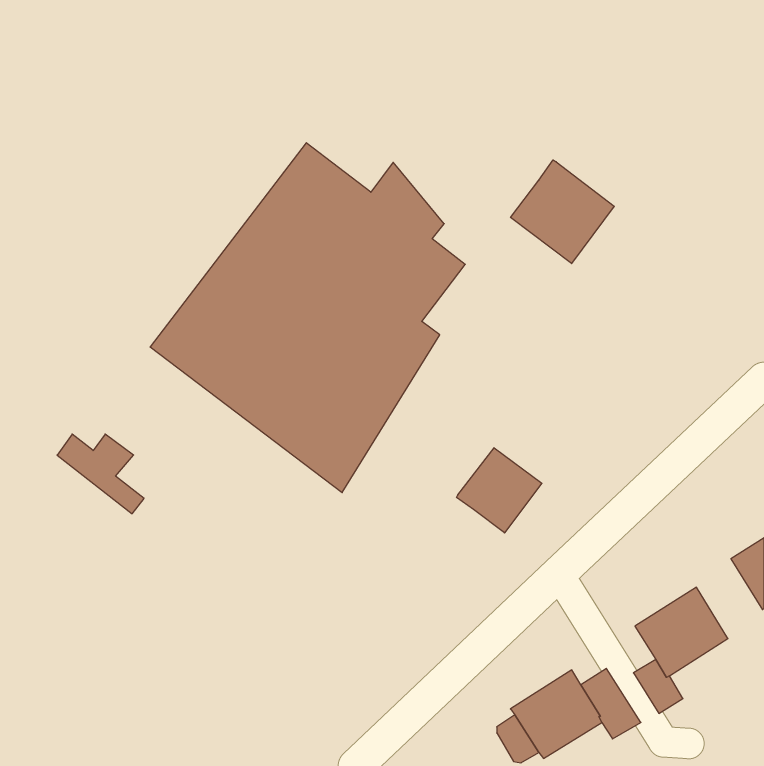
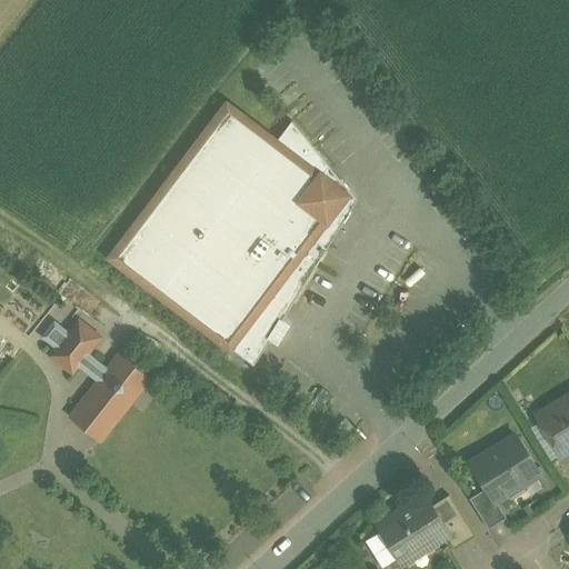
building: [511,160,614,264] -> none
building: [457,448,542,533] -> none
building: none -> [78,353,150,430]

